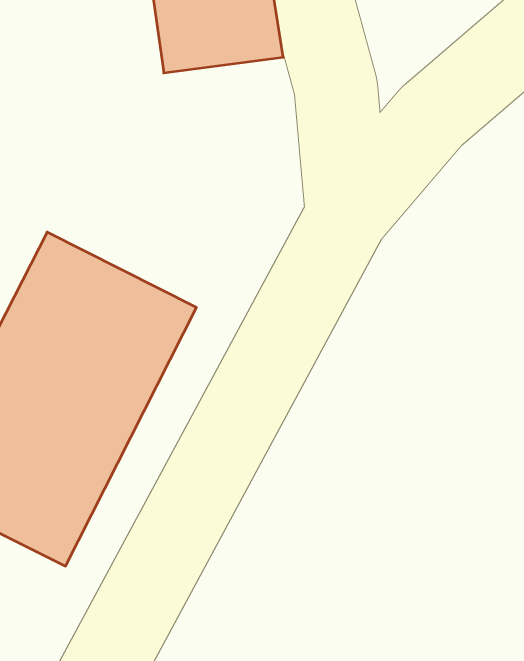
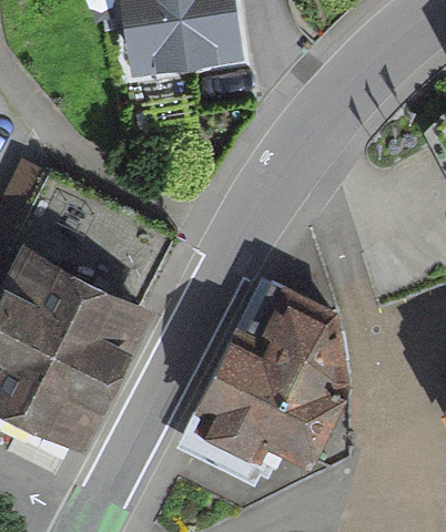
building: none -> [194,293,341,484]

